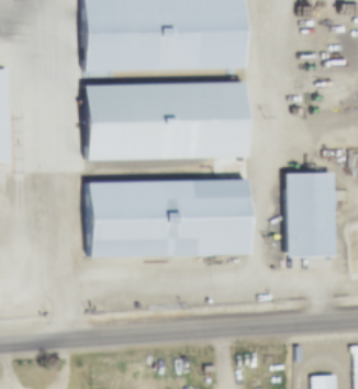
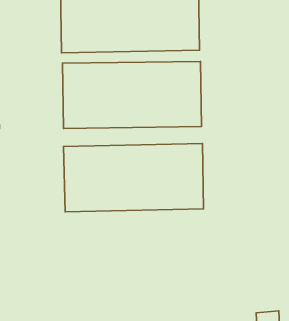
building: [286,173,336,257] -> none

